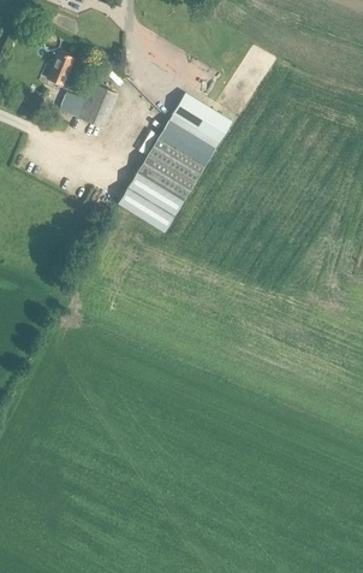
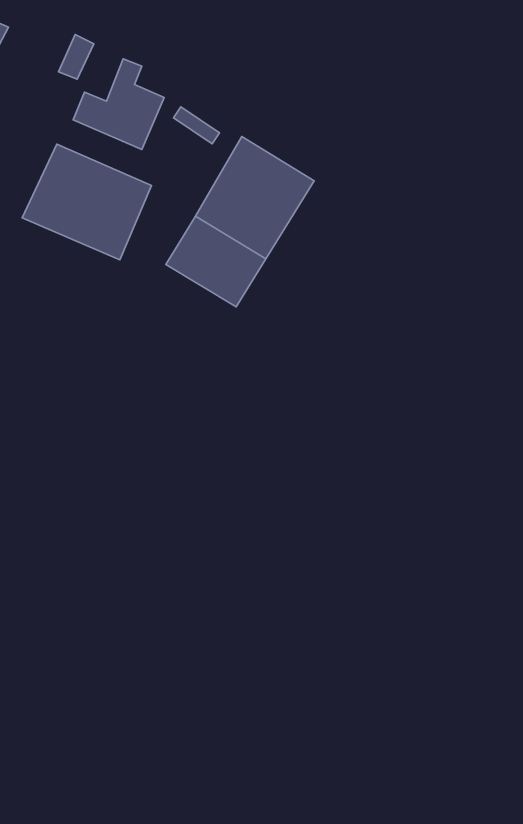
building: [172,94,230,142] -> none
building: none -> [22,144,152,260]

